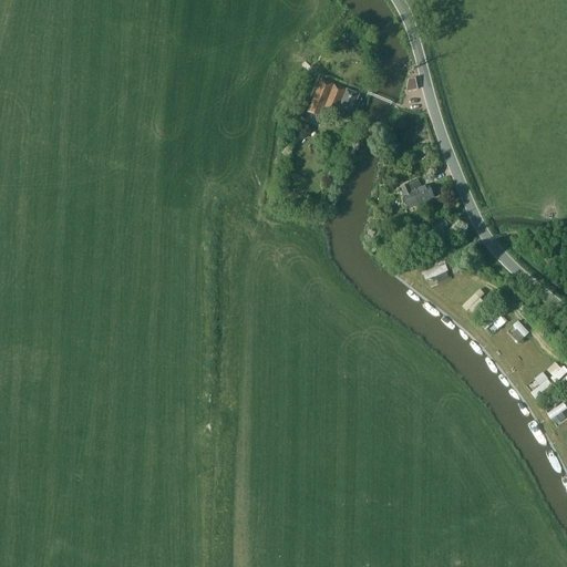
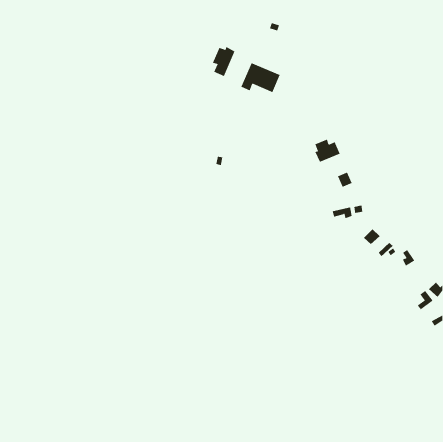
building: none -> [212,46,235,77]

